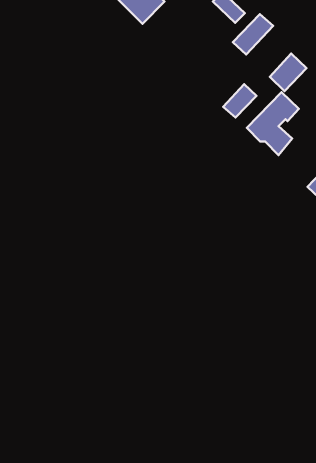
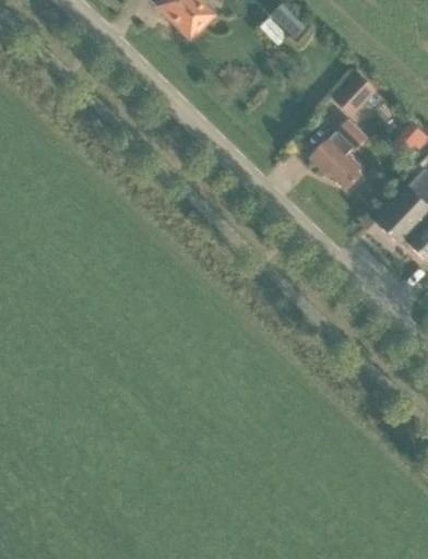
building: [233,14,273,55] -> none
building: [223,84,256,118] -> none

